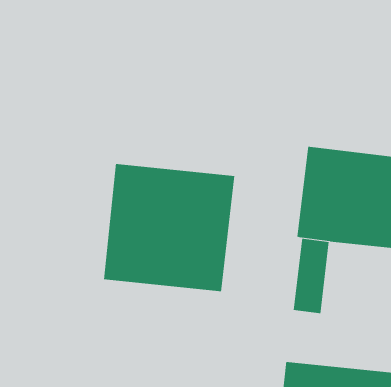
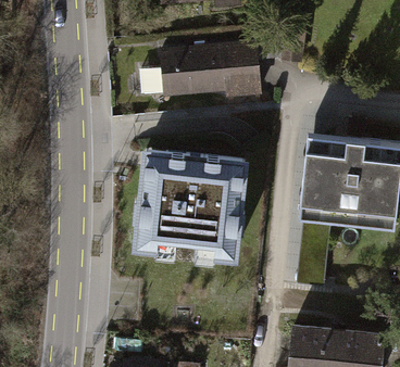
building: none -> [170,39,262,92]

